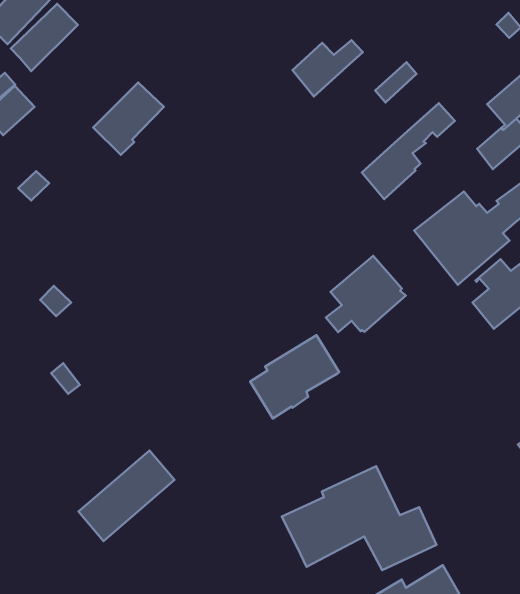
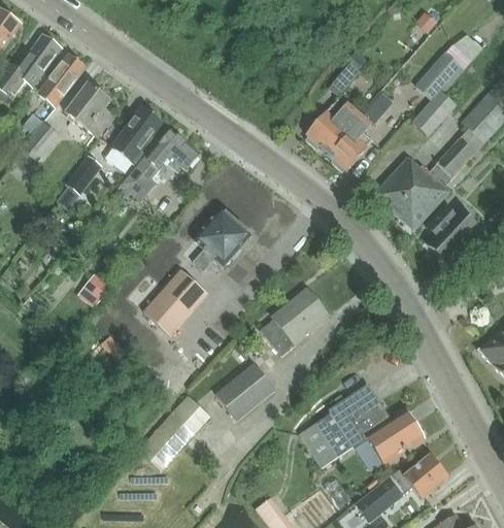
building: [293,40,363,97] -> [306,104,360,153]
building: none -> [64,81,115,137]
building: none -> [121,129,201,199]
building: none -> [66,154,103,194]
building: [326,256,406,332] -> [192,206,253,270]
building: none -> [144,269,207,335]
building: none -> [215,362,276,420]

